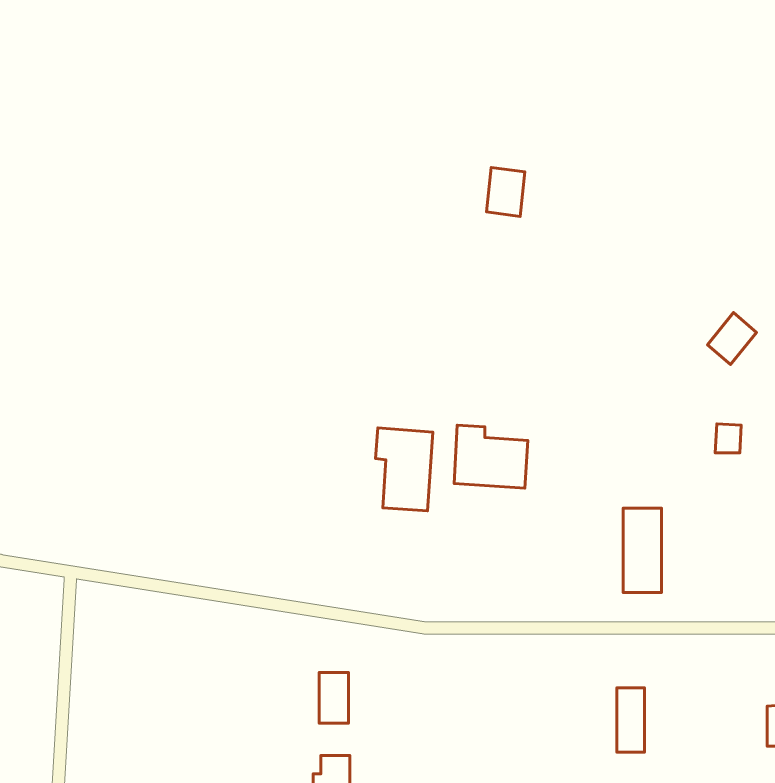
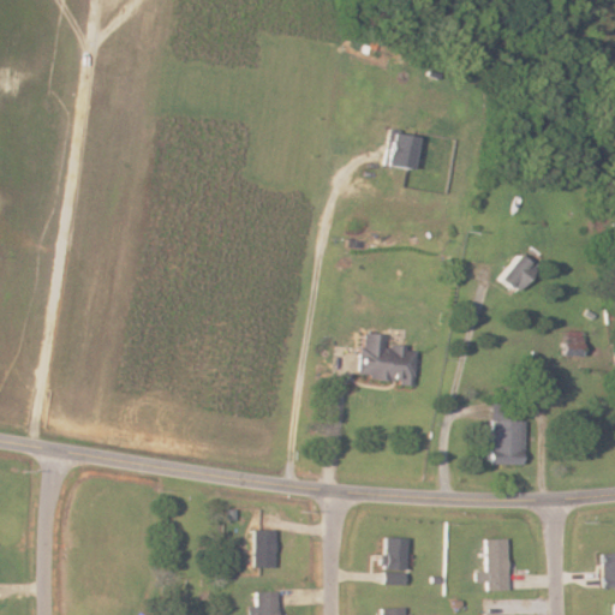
building: [707,312,756,365] -> [501,255,539,295]
building: [376,428,433,511] -> none
building: none -> [386,537,411,584]

